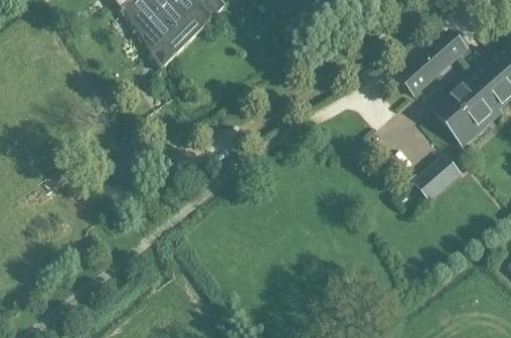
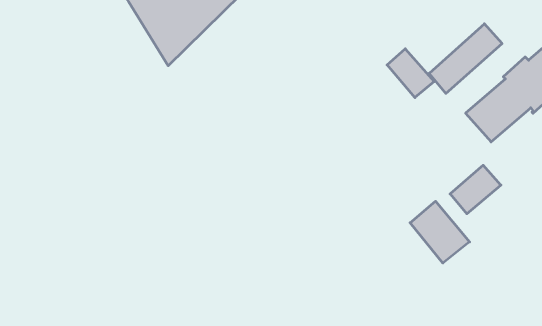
building: none -> [387,49,434,98]
building: none -> [410,201,470,263]

